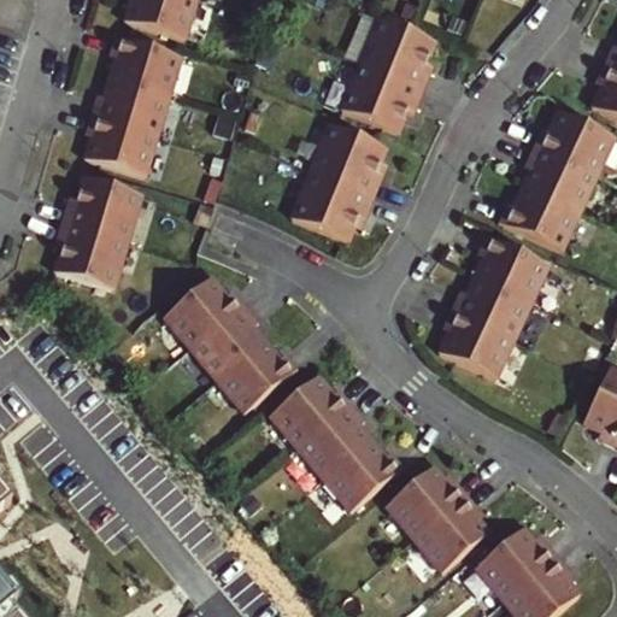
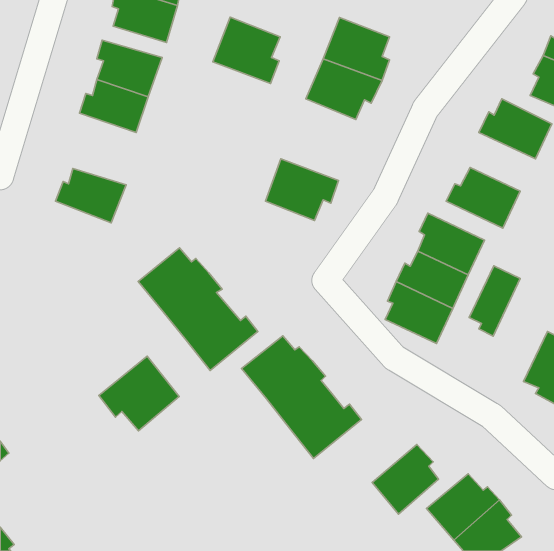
building: [84,125,153,182] -> none
building: [313,127,388,200] -> [213,17,280,84]
building: [523,147,595,212] -> none
building: [53,223,125,290] -> none
building: none -> [469,266,520,336]
building: none -> [99,356,179,431]
building: [387,464,464,535] -> none

